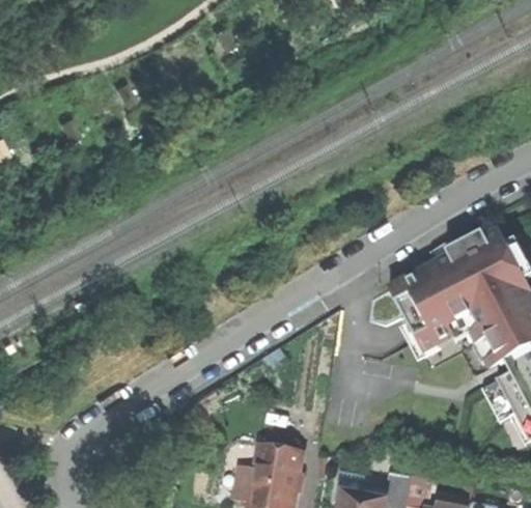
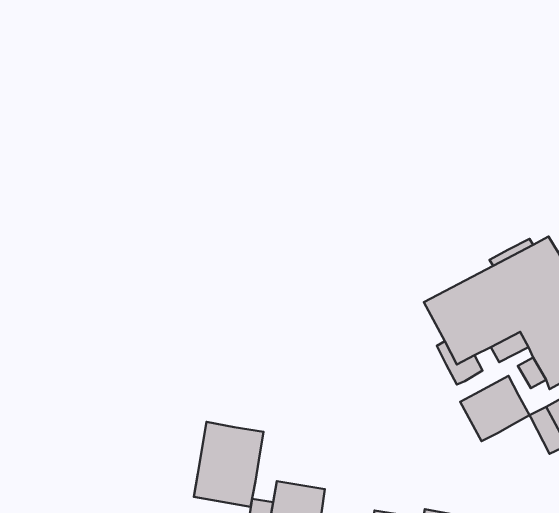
building: none -> [460,376,530,441]
building: none -> [194,422,263,507]

